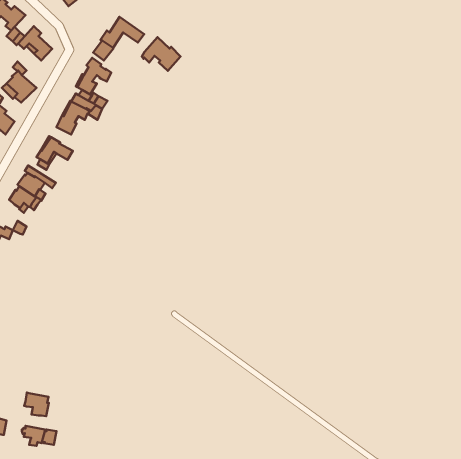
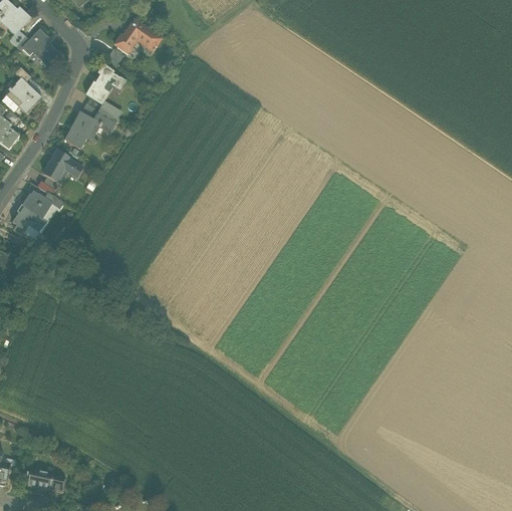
building: [142,37,181,71] -> none
building: [24,393,49,416] -> none

